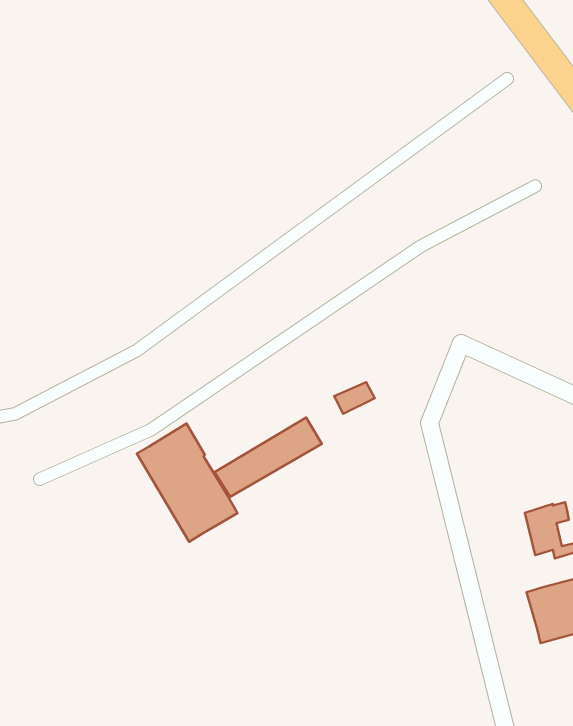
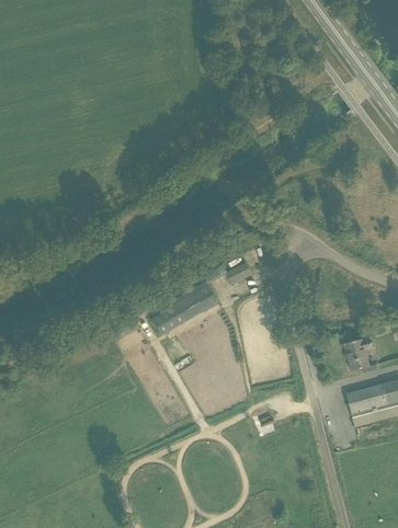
building: [137,424,238,542] -> none

